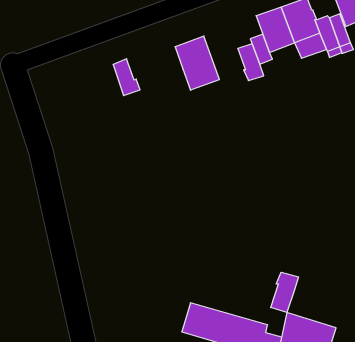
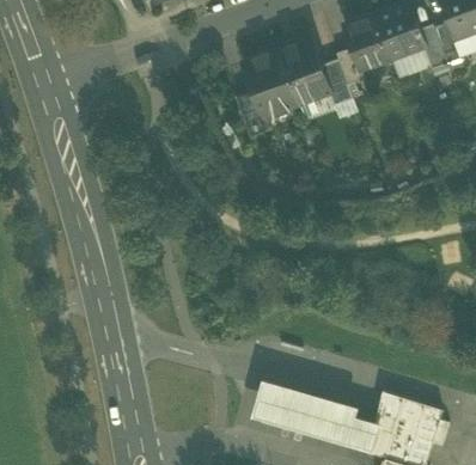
building: none -> [280,38,331,104]
building: [113,59,140,96] -> [237,91,270,136]
building: [271,272,298,312] -> none

